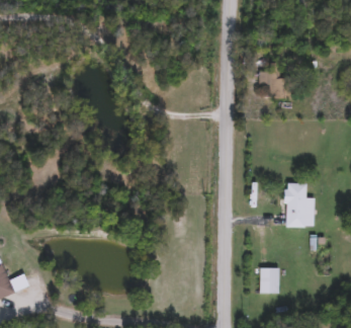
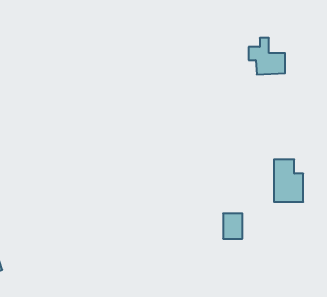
building: [259,266,278,292] -> [223,213,242,239]

